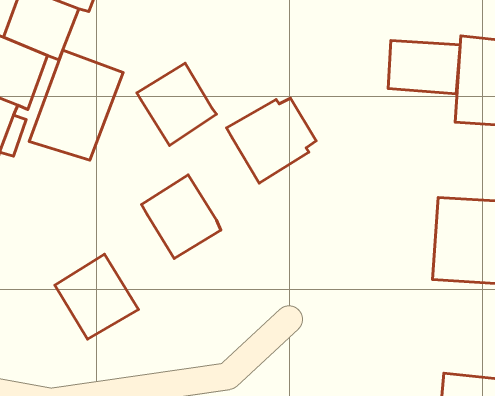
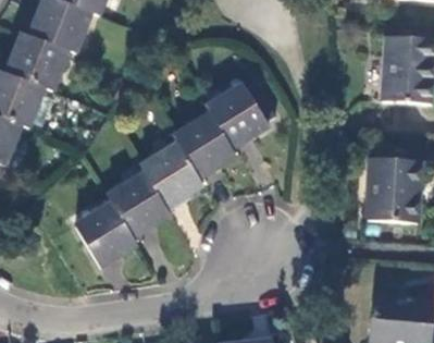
building: [388,40,460,94] -> none
building: [29,50,123,160] -> none
building: [137,63,216,145] -> [173,111,234,174]
building: none -> [109,170,170,234]

